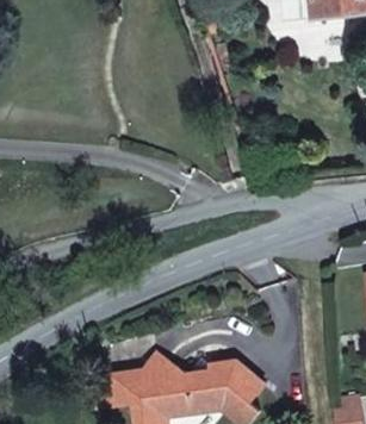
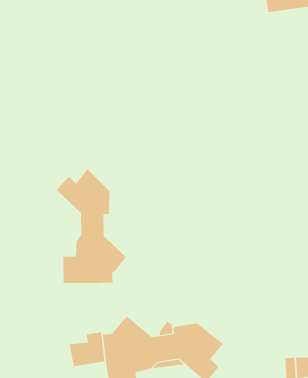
building: none -> [56,169,126,284]

